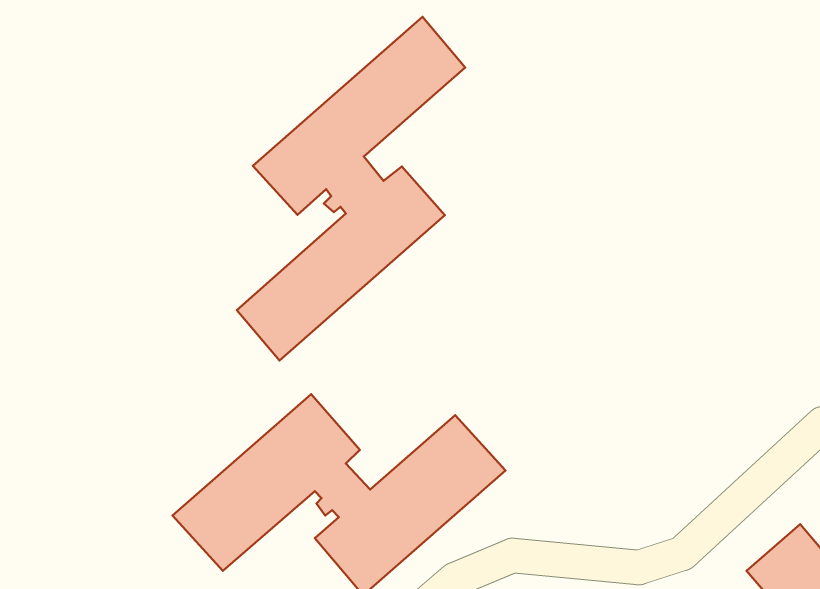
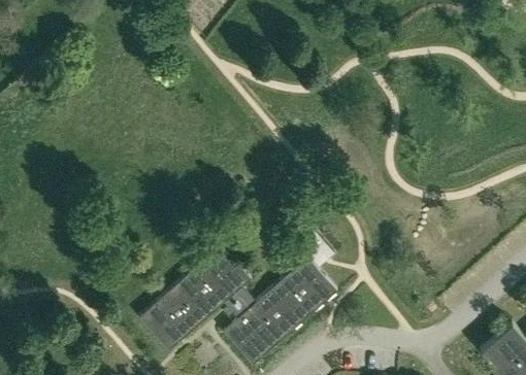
building: [237,17,465,361] -> none

